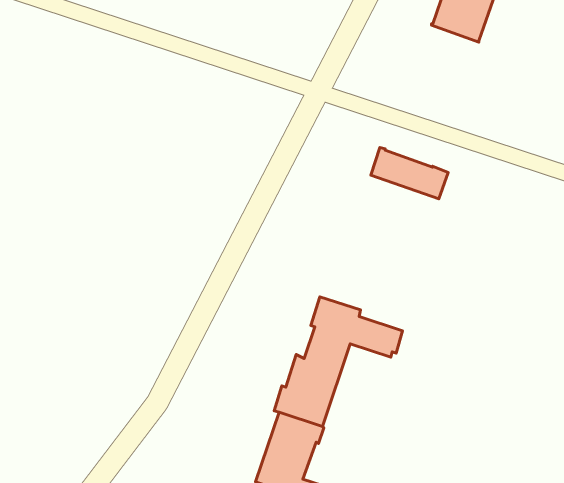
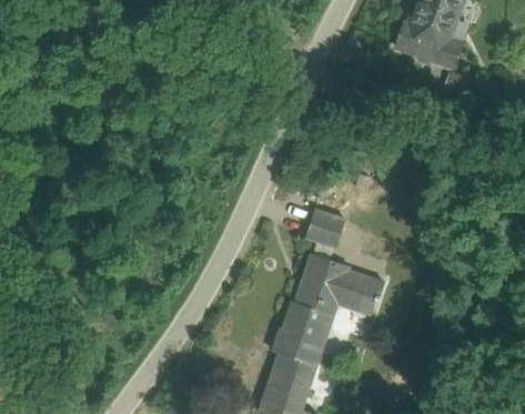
building: [371,148,448,199] -> [395,22,461,65]
building: none -> [306,211,344,245]

